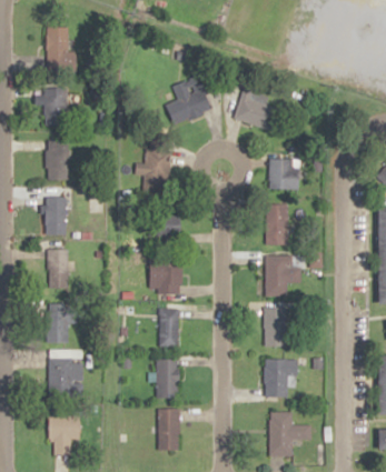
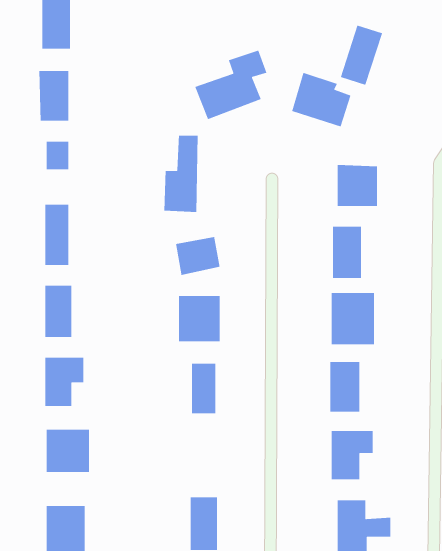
building: none -> [340,24,383,86]
building: [156,360,179,399] -> none

